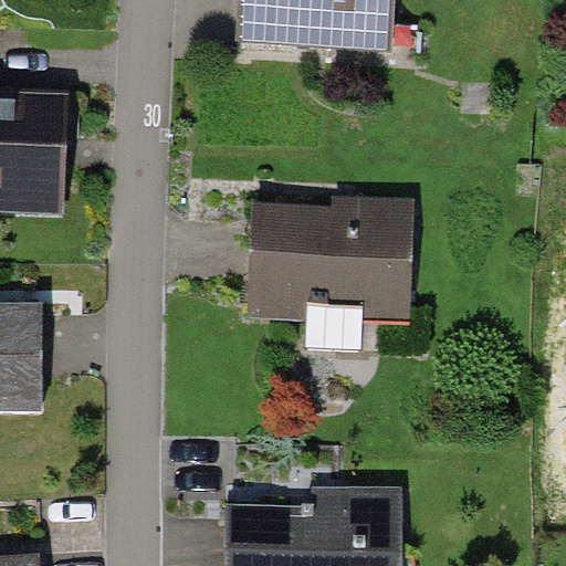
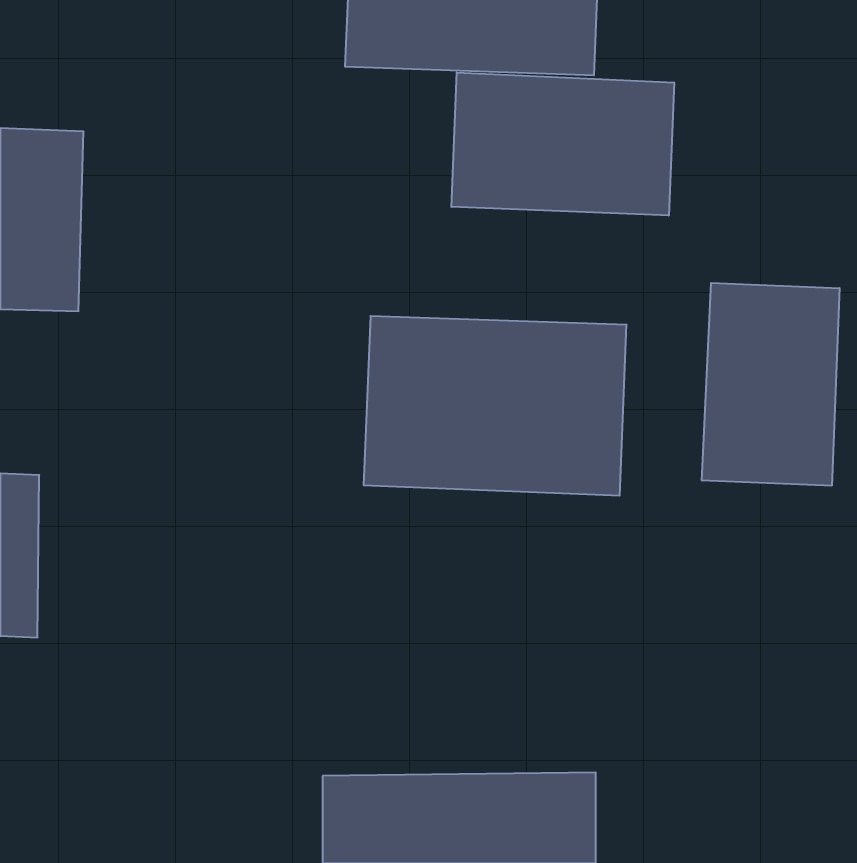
building: none -> [451,72,674,216]
building: none -> [702,283,840,486]

